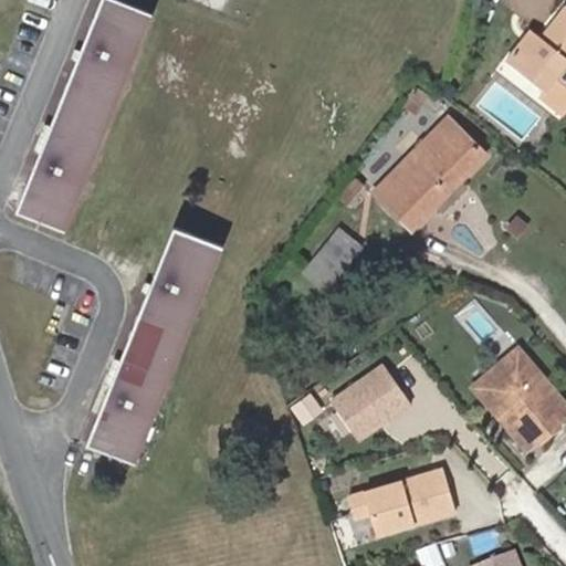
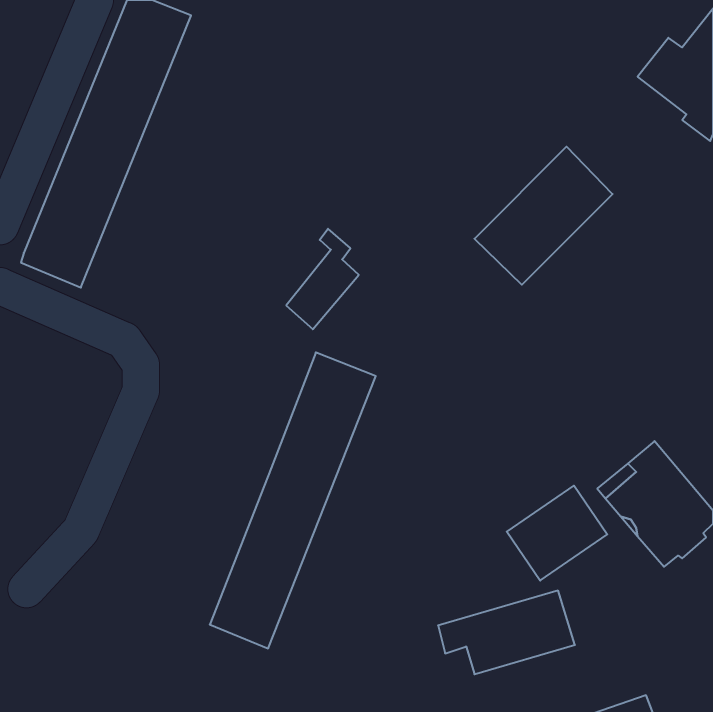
building: [304,209,361,289] -> [286,229,359,329]
building: [91,227,222,461] -> [210,352,376,648]
building: [329,366,409,441] -> [507,486,607,581]

